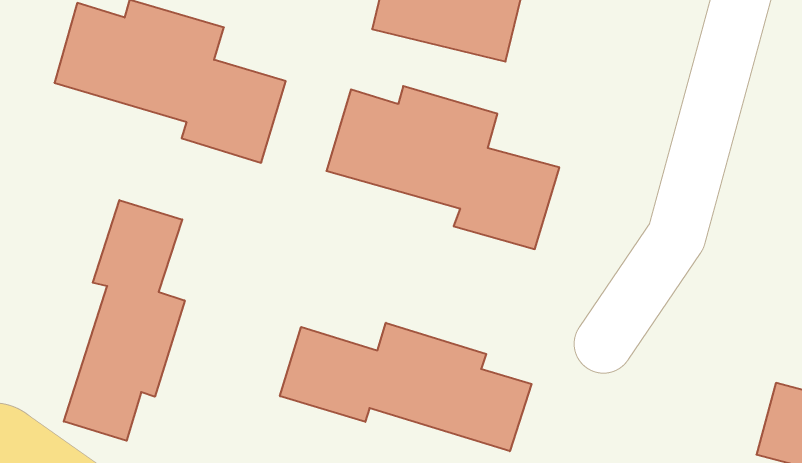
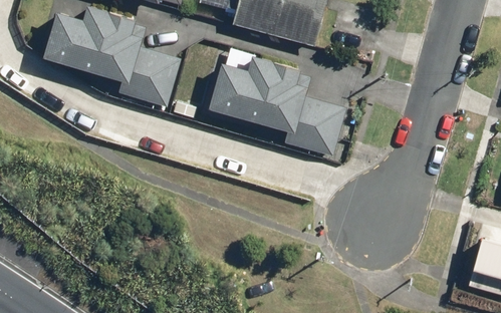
building: [64,200,185,441] -> none
building: [280,323,532,451] -> none

